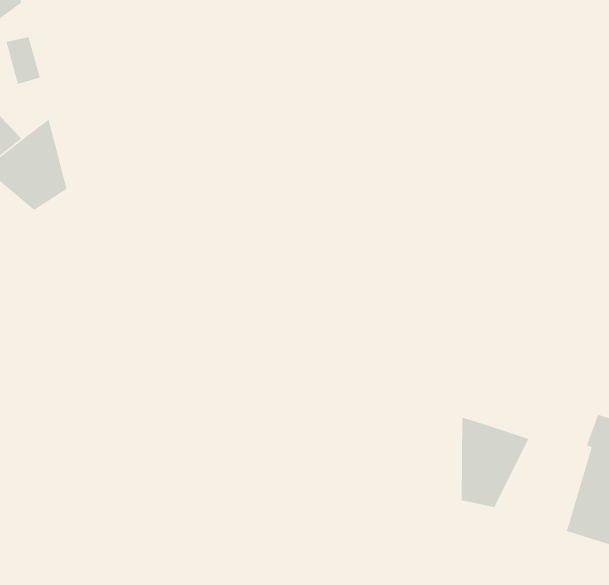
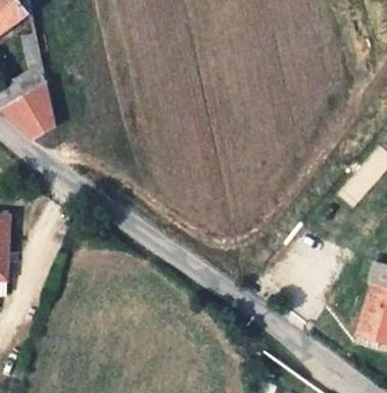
building: [461,417,529,508] -> none

